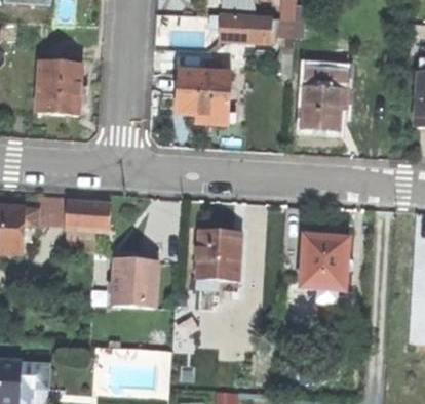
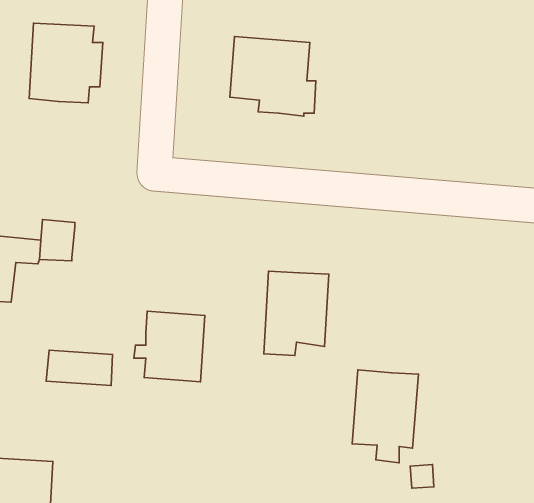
building: [304,64,348,128] -> none
building: [64,200,110,225] -> [46,350,113,386]
building: [301,235,347,299] -> [352,370,419,463]

